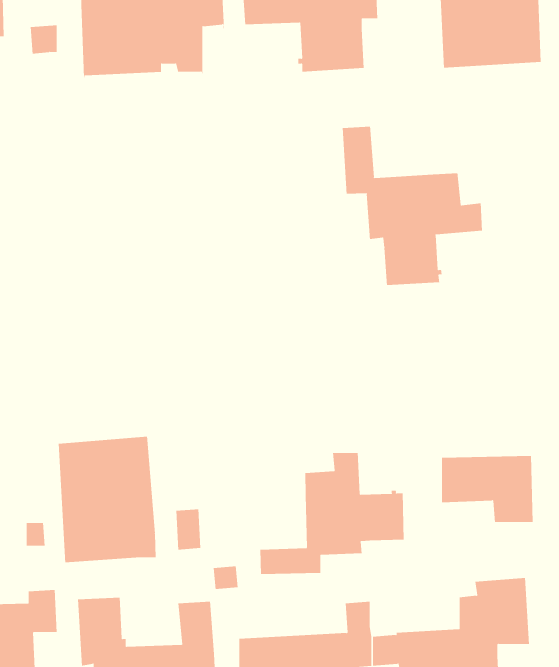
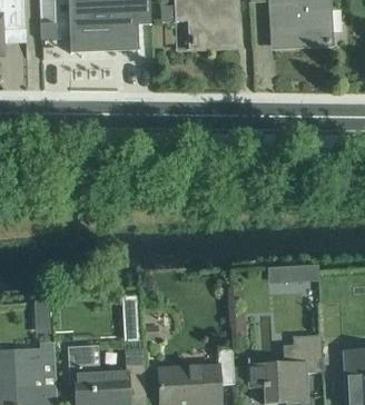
building: [342,126,483,286] -> none
building: [58,436,156,563] -> none
building: [260,452,404,575] -> none

